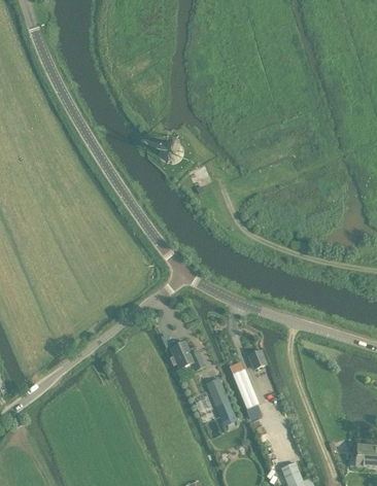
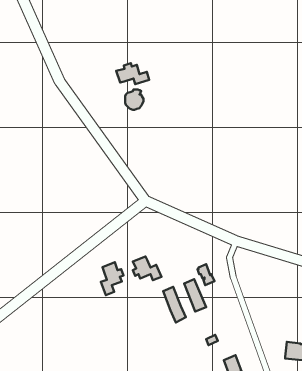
building: none -> [116,63,149,84]
building: none -> [101,262,124,295]

